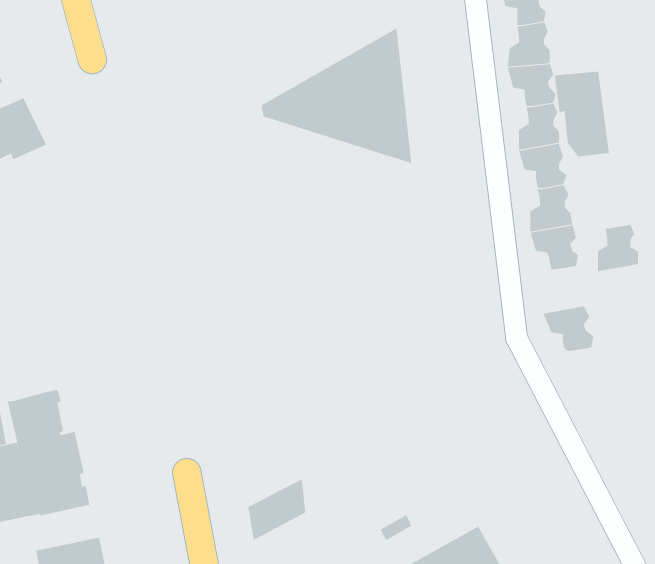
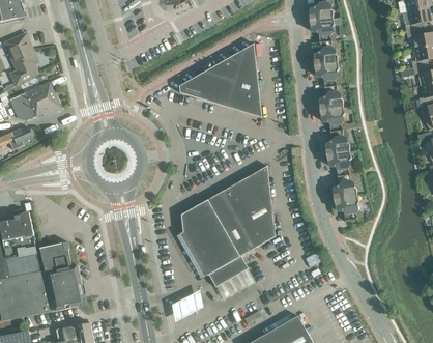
building: [554,71,610,157] -> none
building: [597,225,639,272] -> [333,174,355,200]
building: none -> [180,166,275,287]

